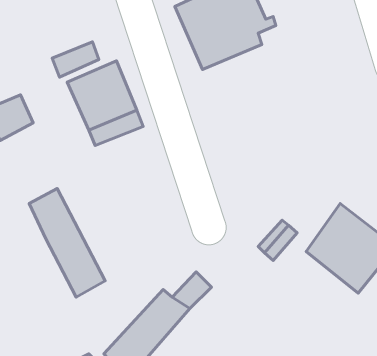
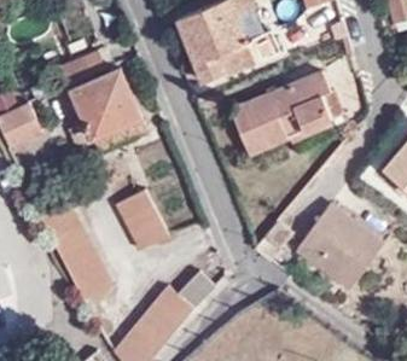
building: none -> [231,71,343,153]
building: none -> [115,187,167,249]

